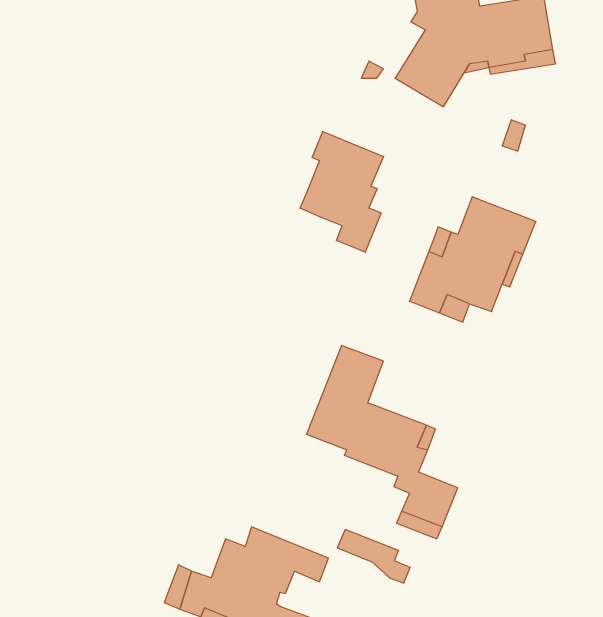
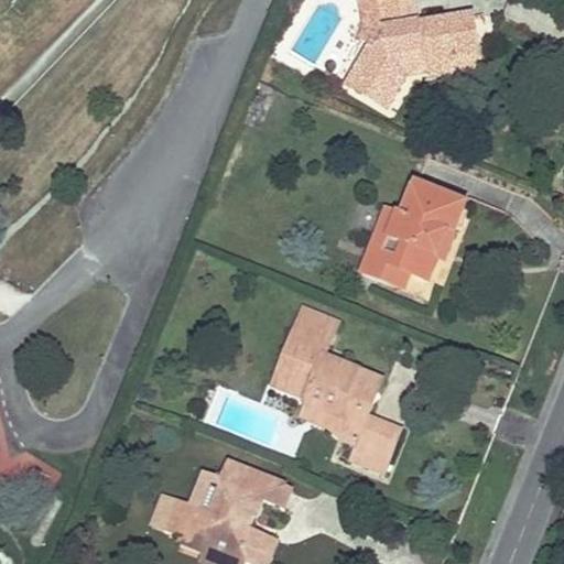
building: [300,131,384,252] -> none
building: [337,530,410,583] -> [297,399,359,444]

